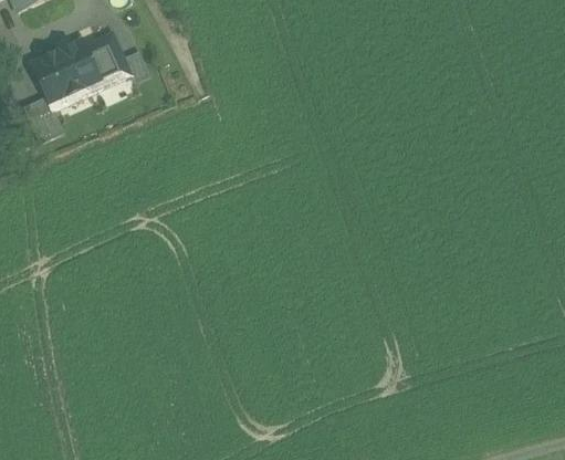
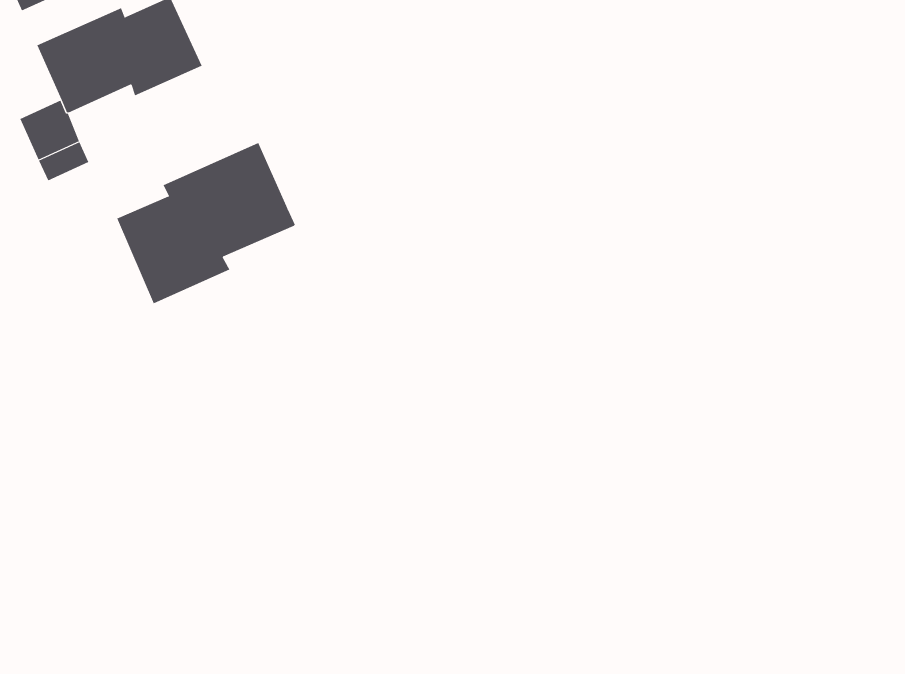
building: none -> [117,142,295,304]

